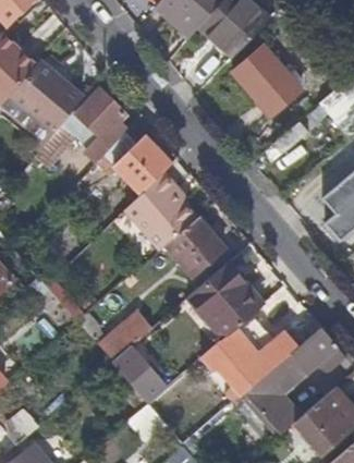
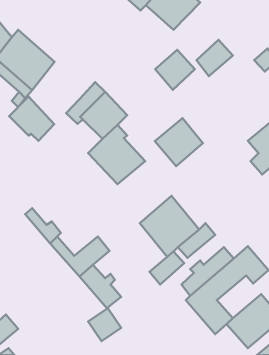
building: [235,48,284,97] -> [155,50,195,90]
building: [77,90,133,145] -> [9,97,54,141]
building: [166,220,224,279] -> [155,118,203,166]

